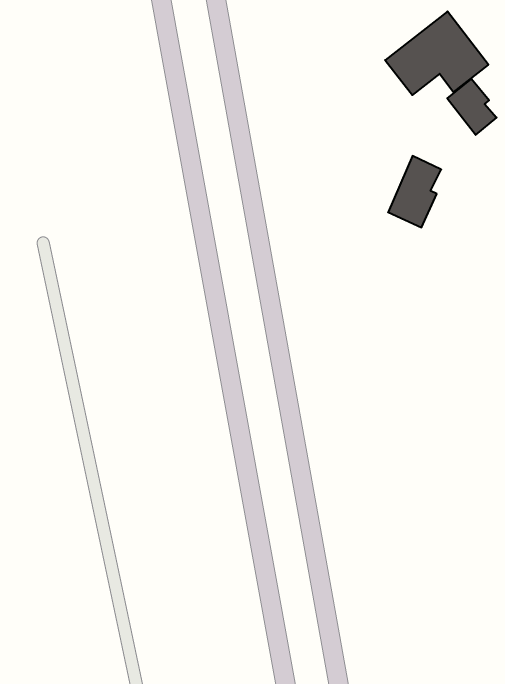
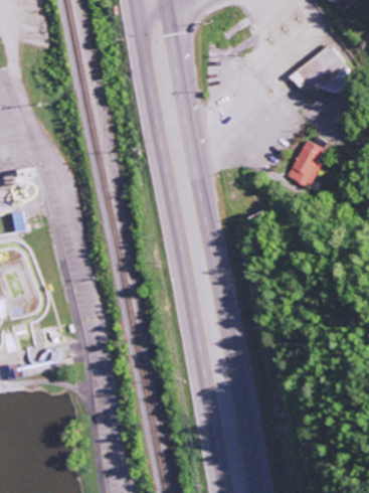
building: [447,79,497,135] -> none

